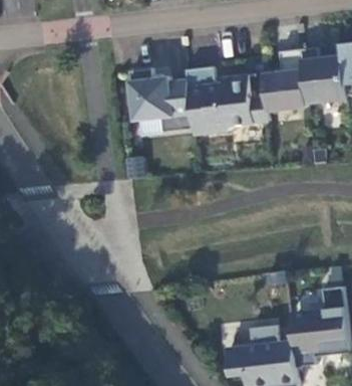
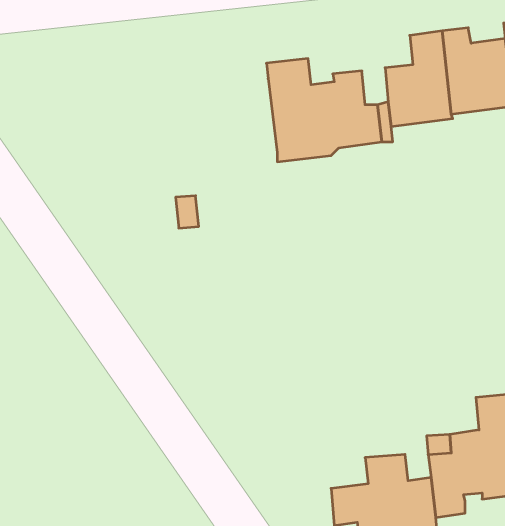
building: [129,68,193,132] -> none

